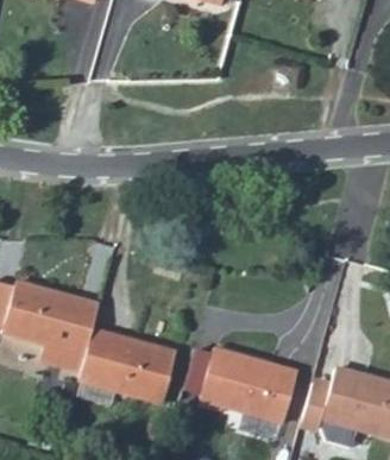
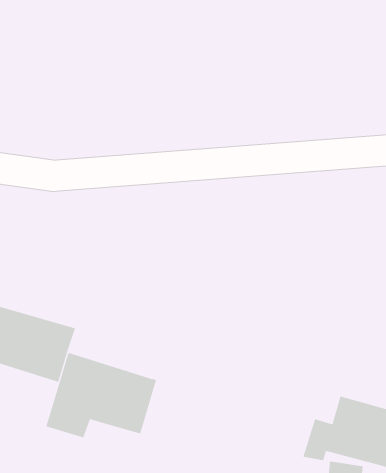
building: [200,344,297,415] -> none

